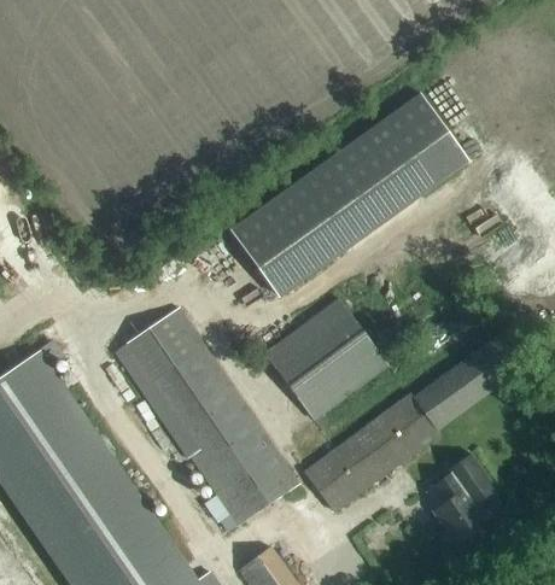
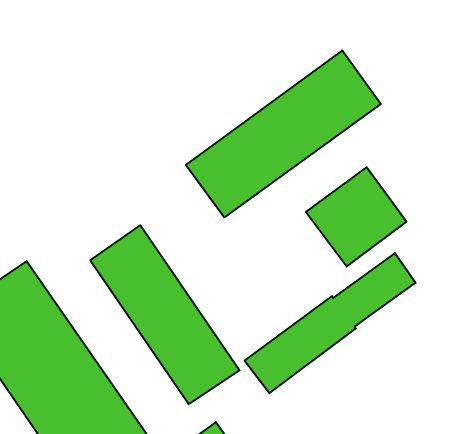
building: [265,299,387,420] -> [306,167,406,267]
building: [434,452,497,544] -> none

